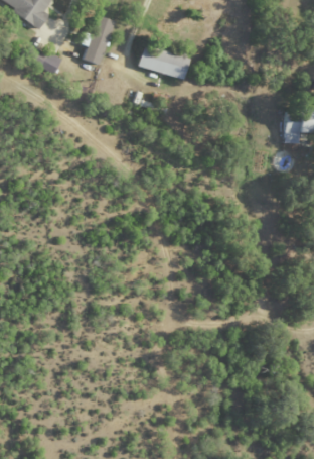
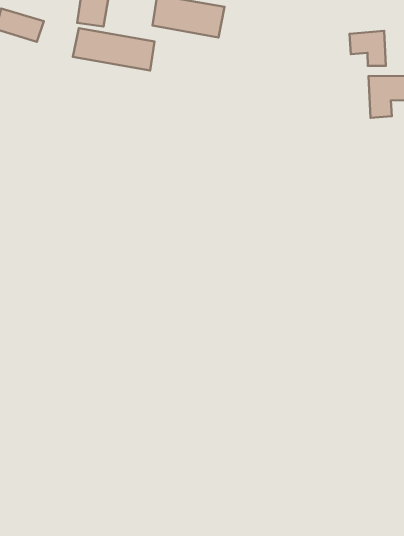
building: none -> [73,28,154,71]
building: none -> [349,31,386,66]

